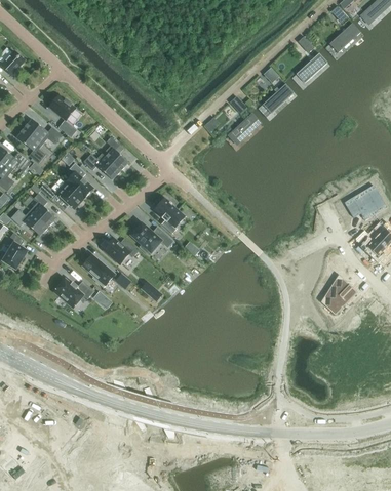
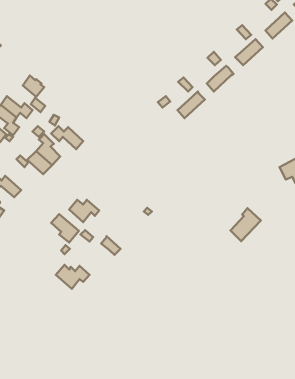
building: [102,137,127,171] -> none
building: [29,194,55,228] -> none
building: [154,199,184,234] -> none
building: [130,223,172,255] -> none
building: [321,278,356,316] -> [231,208,261,241]
building: [54,280,93,308] -> [56,265,89,289]

